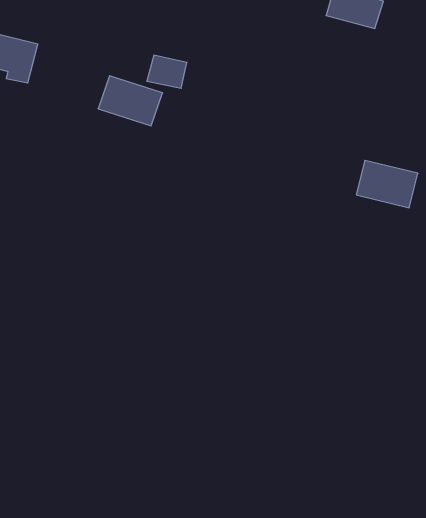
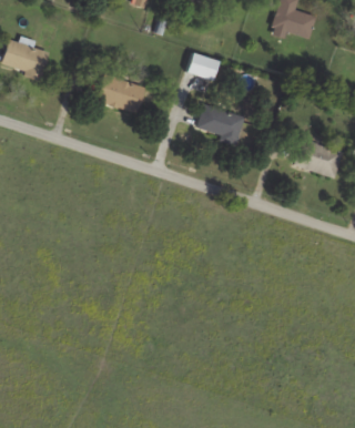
building: [147,55,187,88] -> [186,53,217,79]
building: none -> [196,103,245,143]

